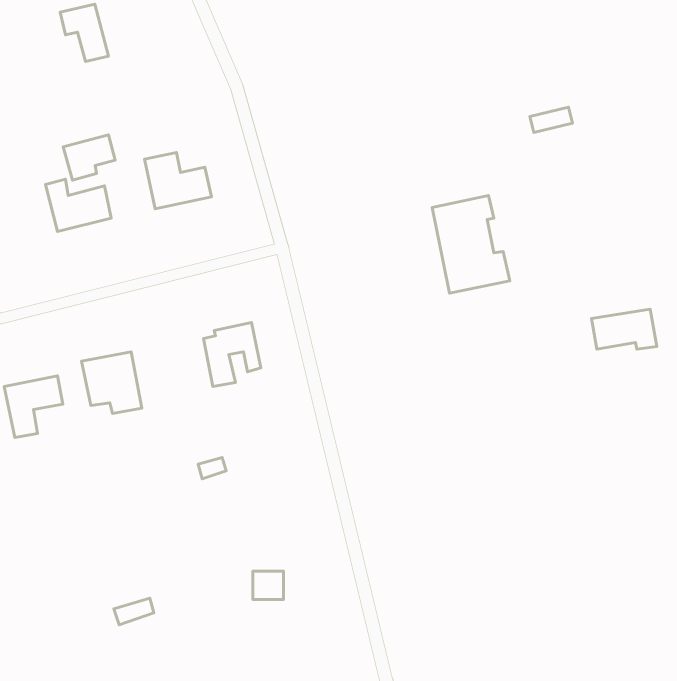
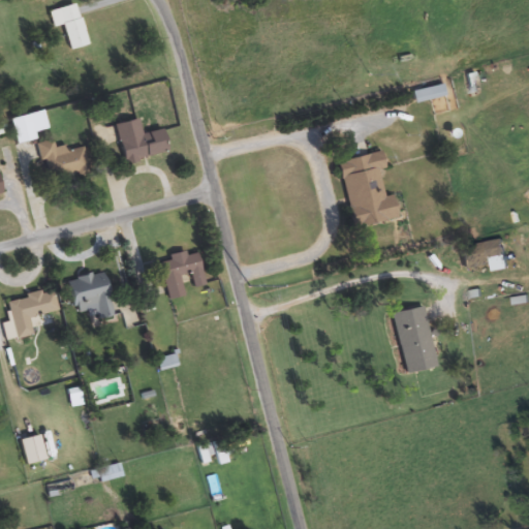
building: [63,135,115,180] -> [10,108,51,144]
building: none -> [394,305,438,371]
building: none -> [20,434,46,464]

